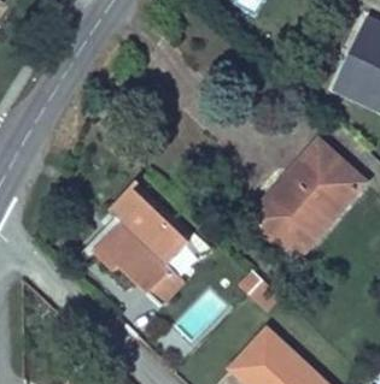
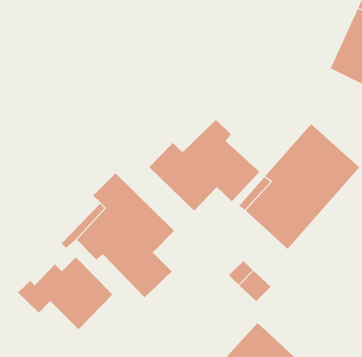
building: none -> [149,119,260,212]
building: none -> [17,256,113,330]

